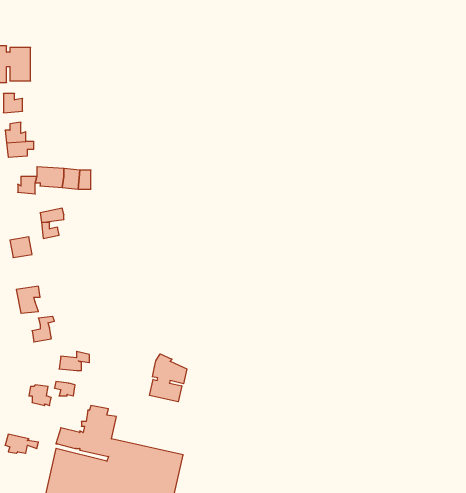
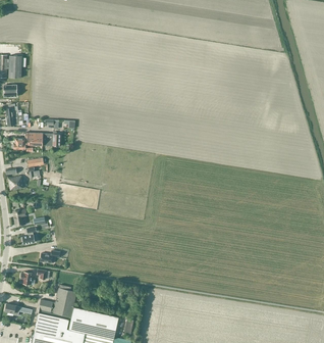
building: [150,354,187,402] -> none

